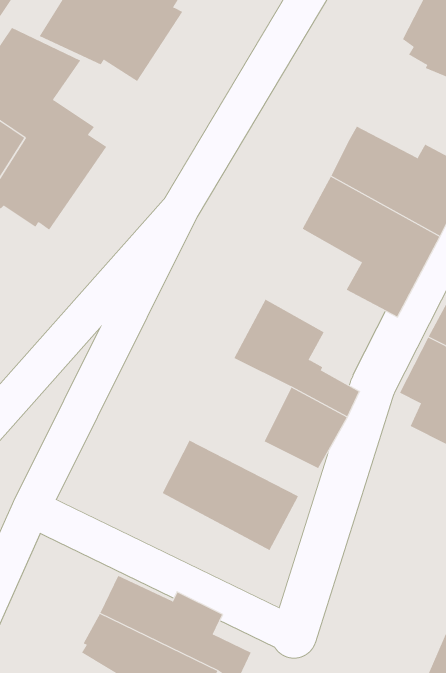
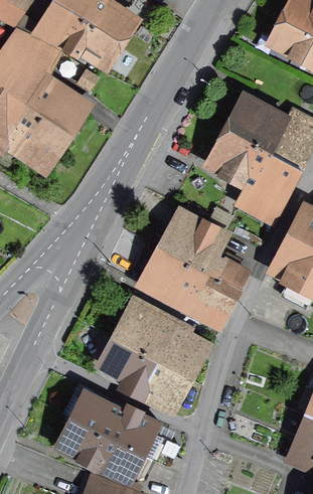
building: none -> [144,250,200,305]
building: none -> [103,339,186,410]

